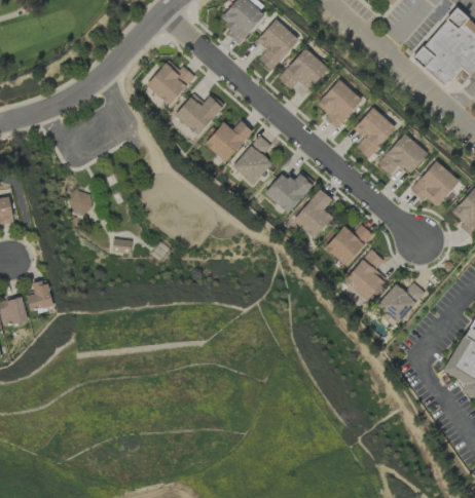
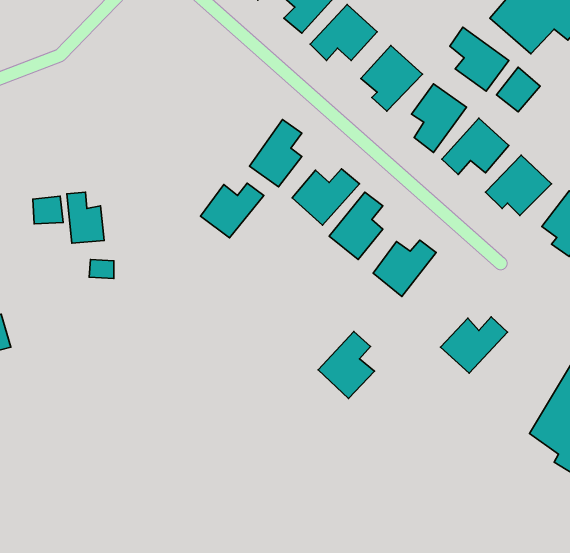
building: [147,59,195,105] -> none
building: none -> [450,27,509,91]
building: [175,92,225,135] -> none
building: none -> [496,67,540,112]
building: [206,120,253,161] -> [201,183,264,238]
building: none -> [67,192,104,243]
building: [345,248,388,299] -> [318,331,375,399]

